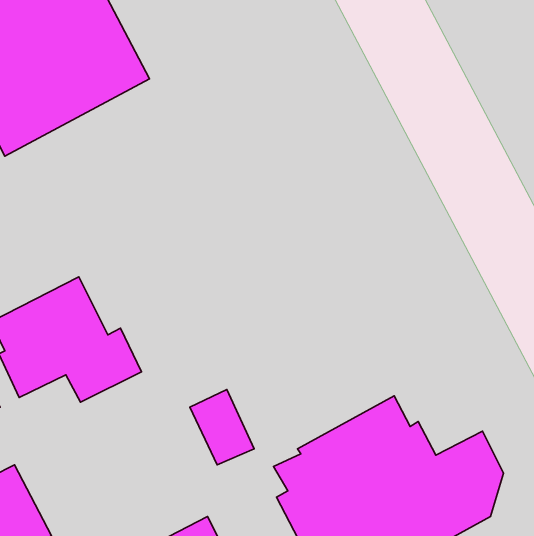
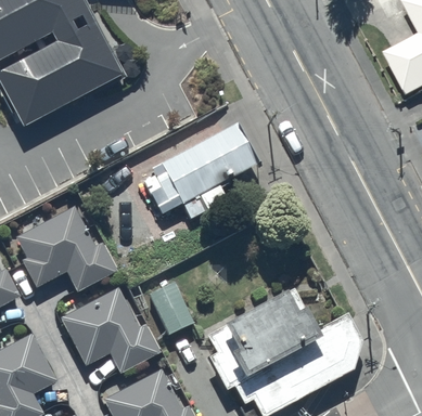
building: none -> [142,123,255,220]
building: none -> [59,288,159,374]

